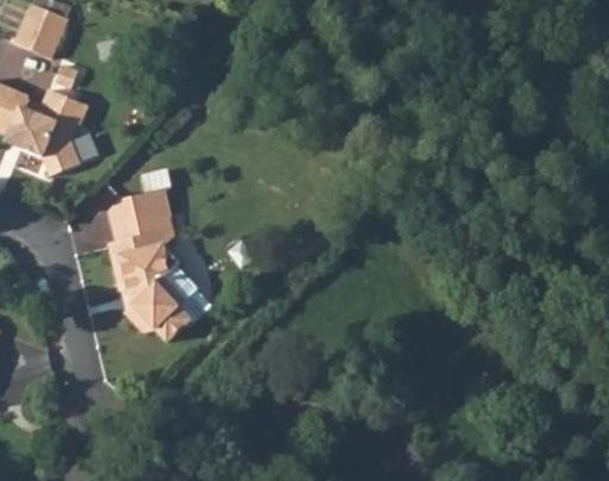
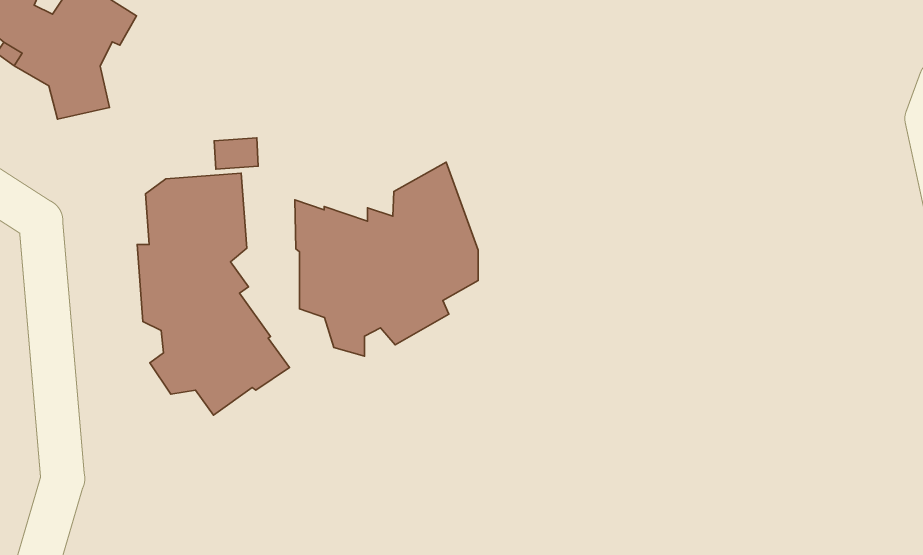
building: none -> [295,162,478,356]

